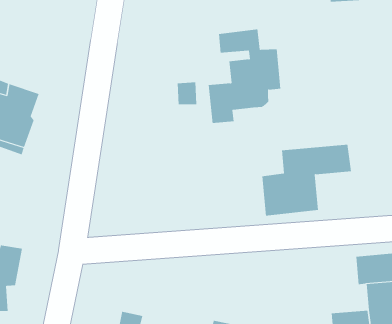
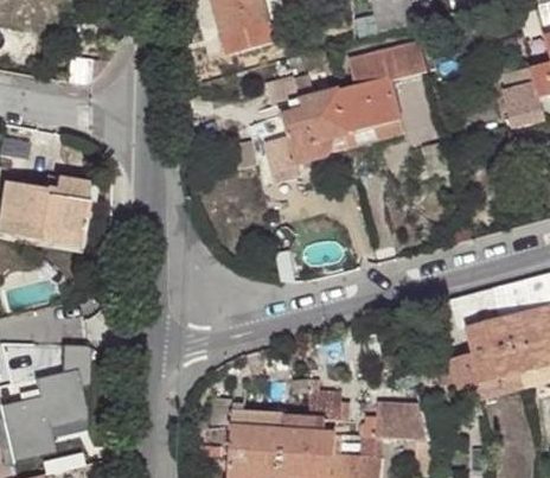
building: [261,144,352,216] -> [332,43,427,133]

